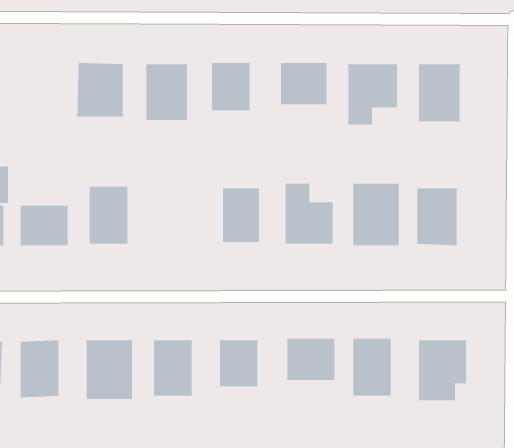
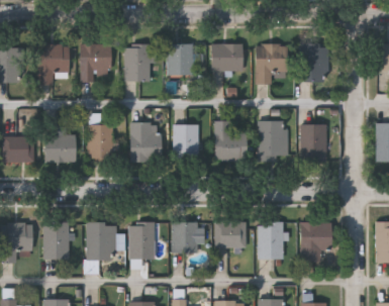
building: none -> [36,44,69,84]
building: none -> [130,122,161,163]

